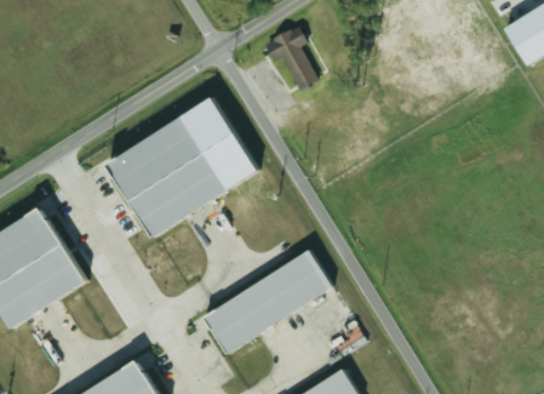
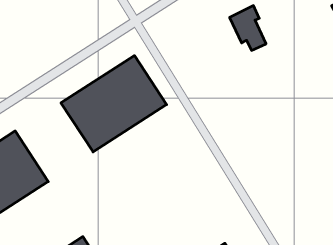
building: [259,25,311,90] -> [230,6,266,50]
building: [205,249,332,353] -> none

